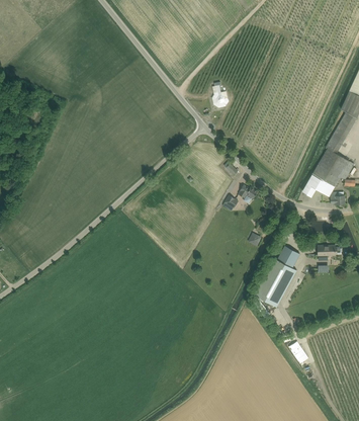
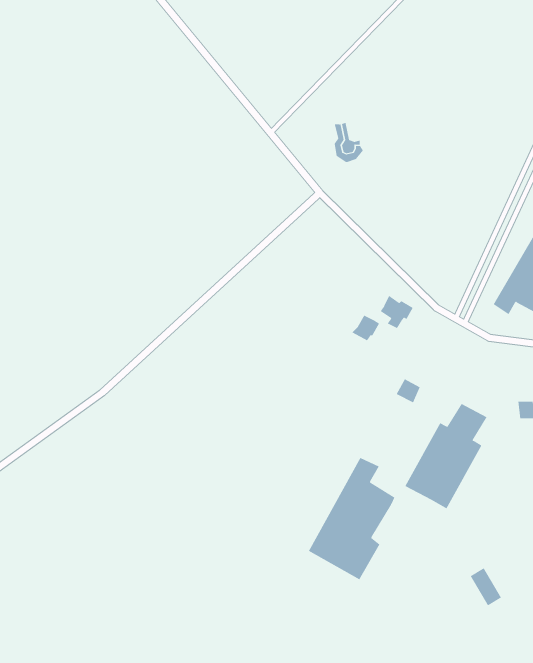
building: none -> [308,457,395,580]

